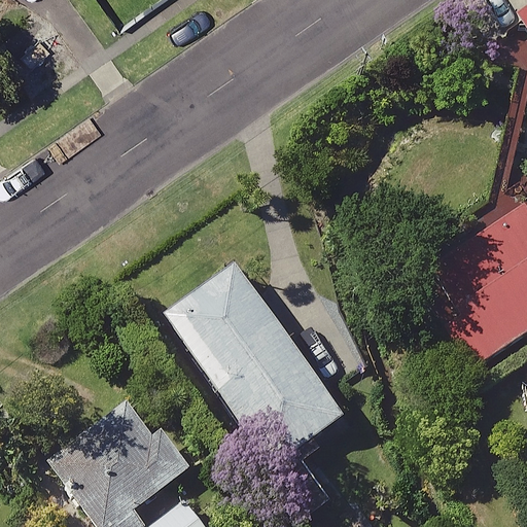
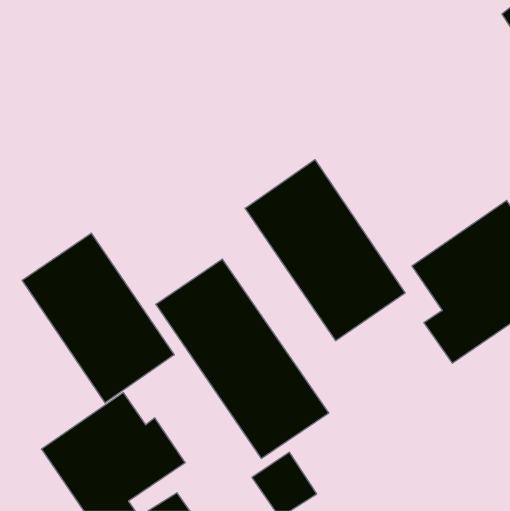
building: none -> [245,160,405,341]
building: none -> [22,233,174,403]

